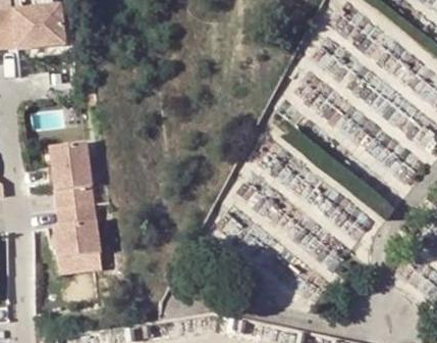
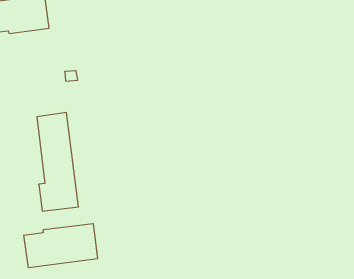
building: none -> [24,223,98,268]

